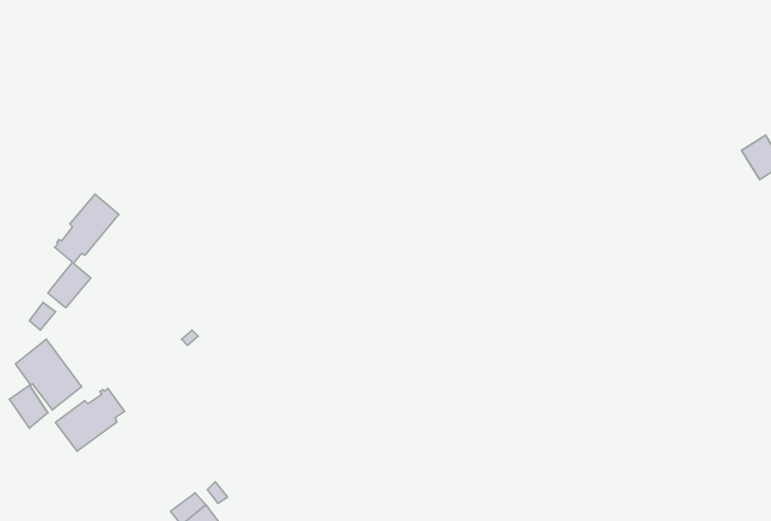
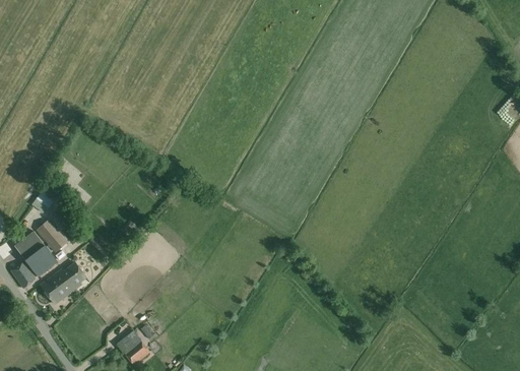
building: [55,194,119,263] -> none
building: none -> [37,219,68,252]

